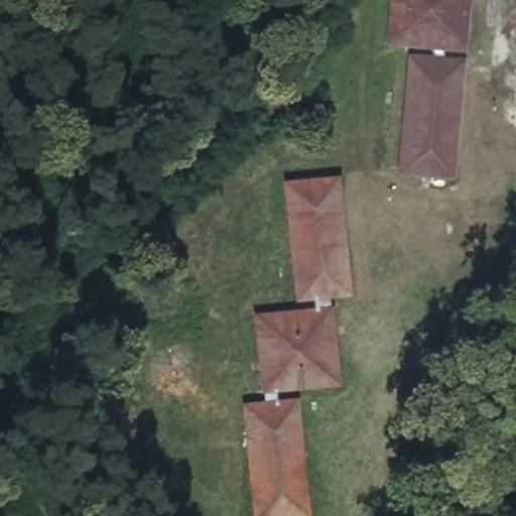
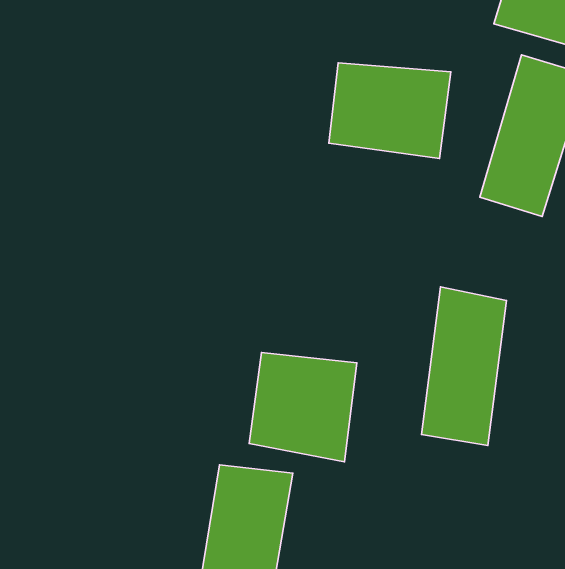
building: none -> [329,63,451,159]
building: [293,180,350,296] -> [422,287,506,445]

